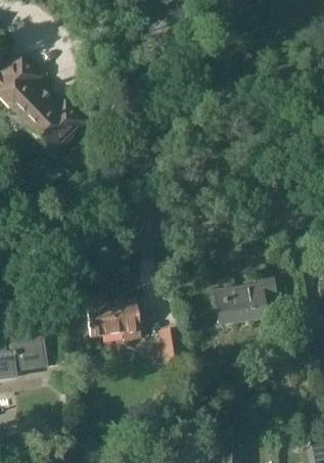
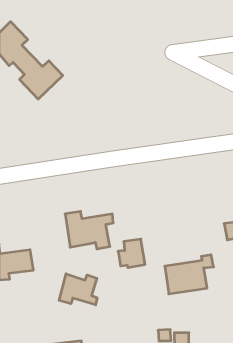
building: [214,277,275,326] -> [165,255,214,294]
building: none -> [59,274,97,305]

